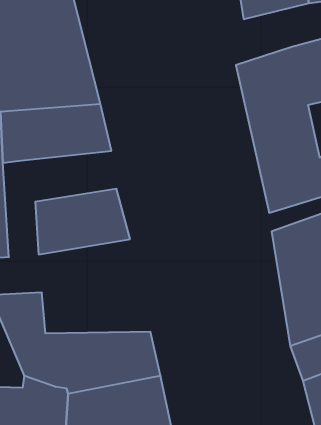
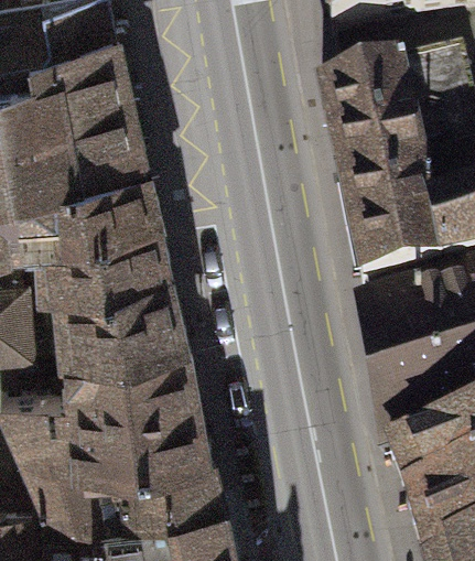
building: none -> [35,196,166,266]
building: none -> [62,311,207,433]

